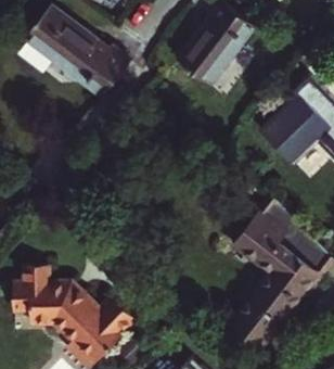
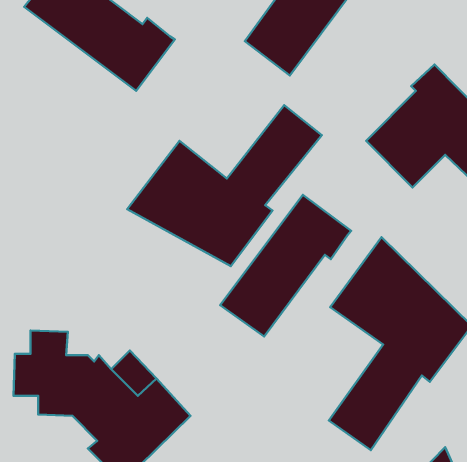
building: none -> [127,105,322,266]
building: none -> [220,195,351,336]

